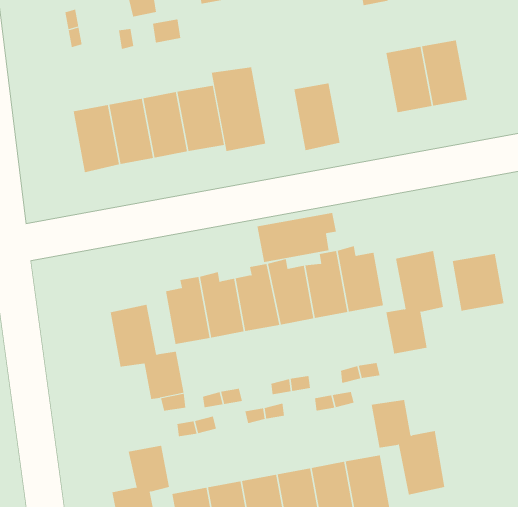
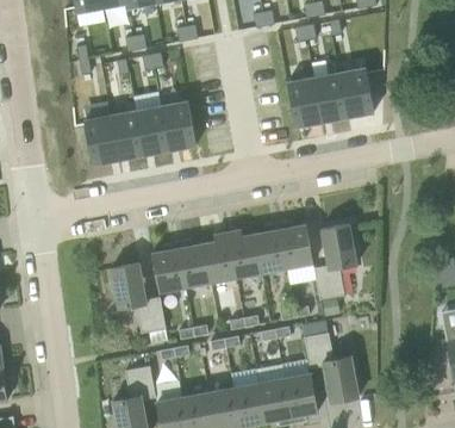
building: [211,67,266,152] -> none
building: [293,83,340,151] -> [287,77,322,128]
building: [257,212,337,263] -> none
building: [452,253,504,311] -> none

